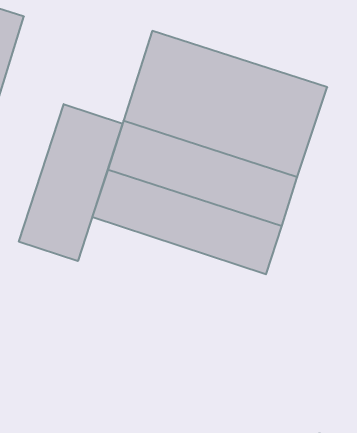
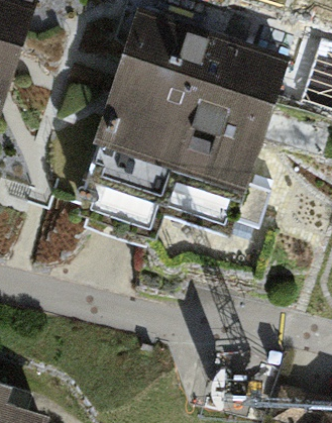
building: [19,104,123,261] -> none

